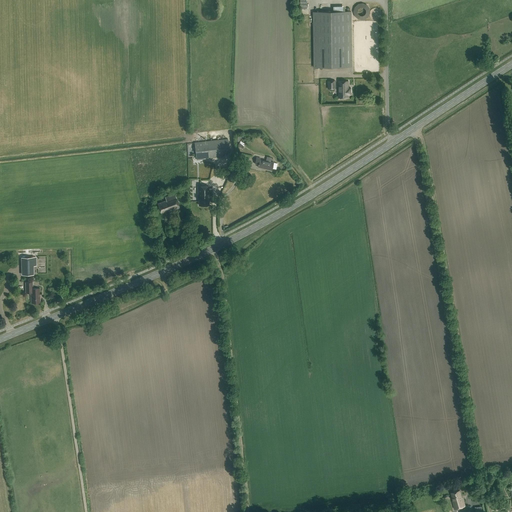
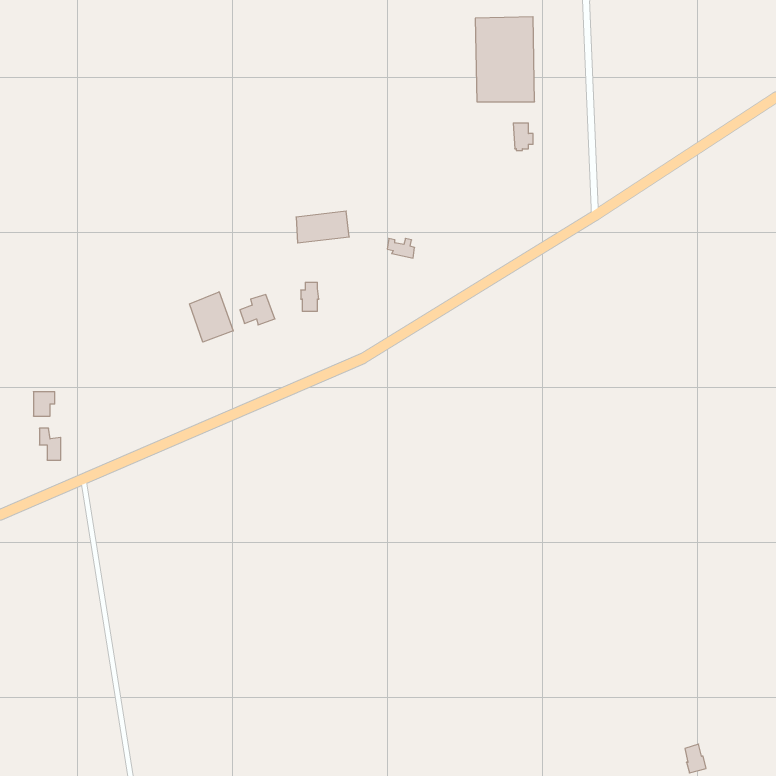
building: none -> [189,292,233,342]

